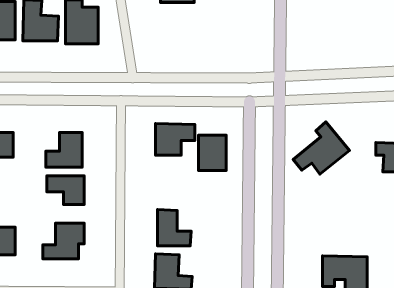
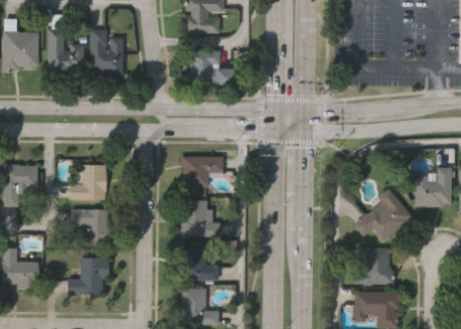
building: none -> [190,50,237,86]
building: [293,122,349,174] -> [353,187,411,240]
building: [199,135,226,171] -> [181,200,209,236]
building: none -> [353,248,390,285]

